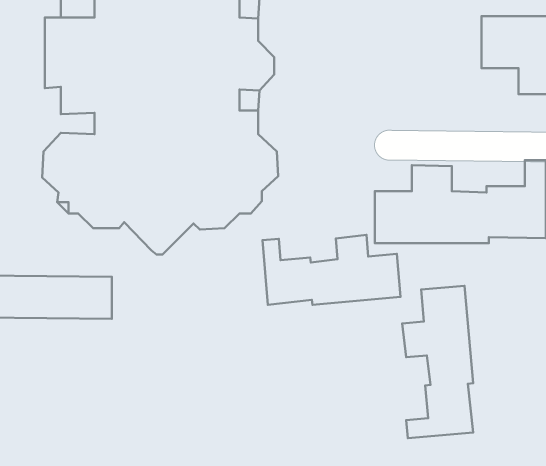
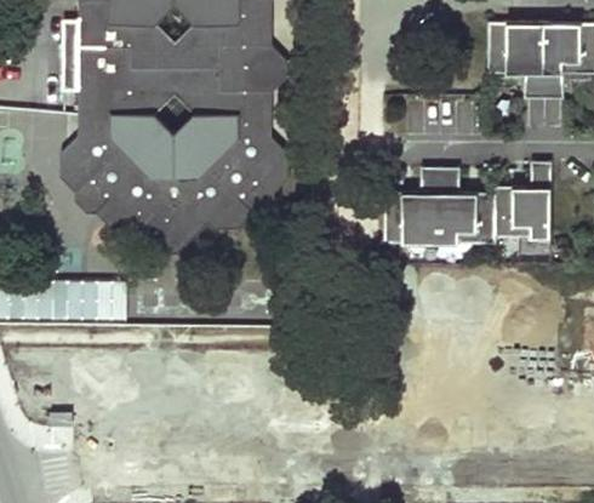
building: [262,235,401,305] -> none
building: [402,286,473,438] -> none

